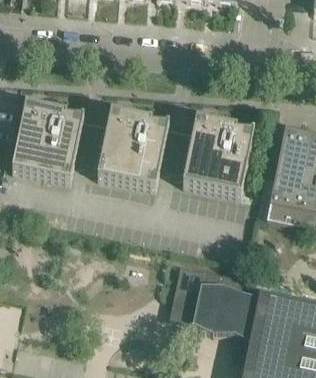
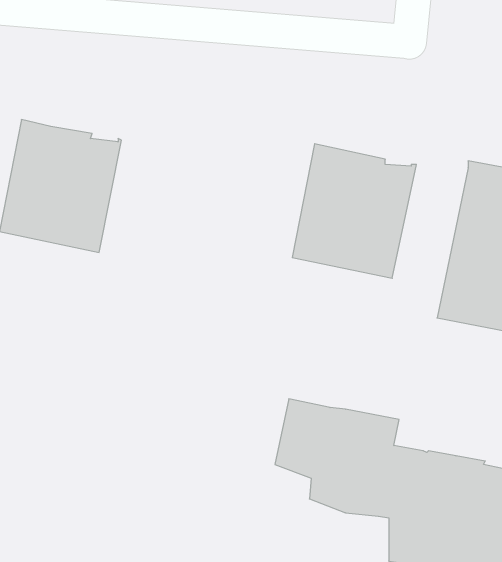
building: [97,112,168,189] -> none

